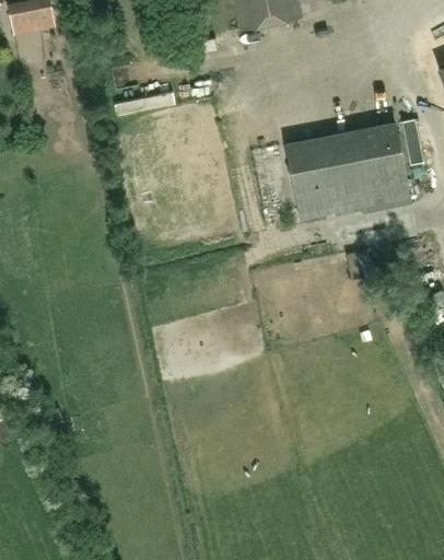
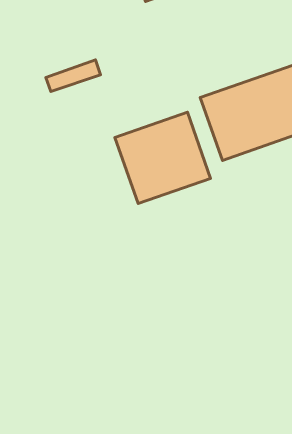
building: none -> [115,112,210,203]

